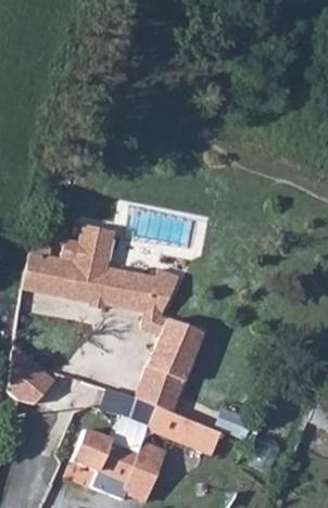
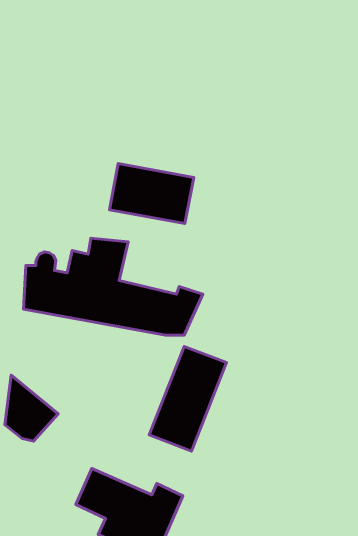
building: none -> [109,164,194,224]
building: [99,388,222,456] -> none

